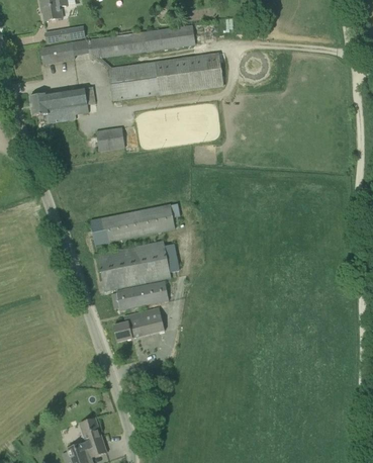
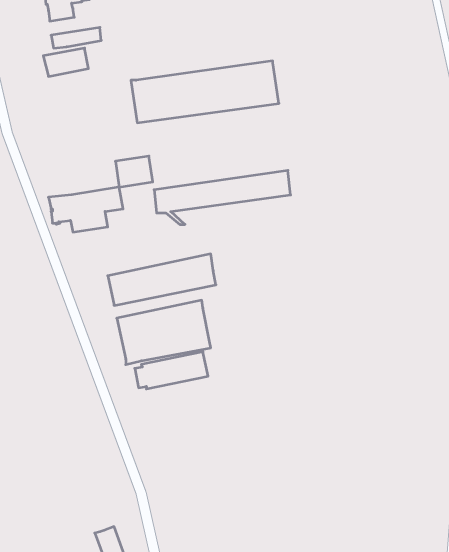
building: [88,24,195,67] -> [154,170,291,224]
building: [29,87,88,122] -> [48,187,123,232]
building: [113,306,165,342] -> none

